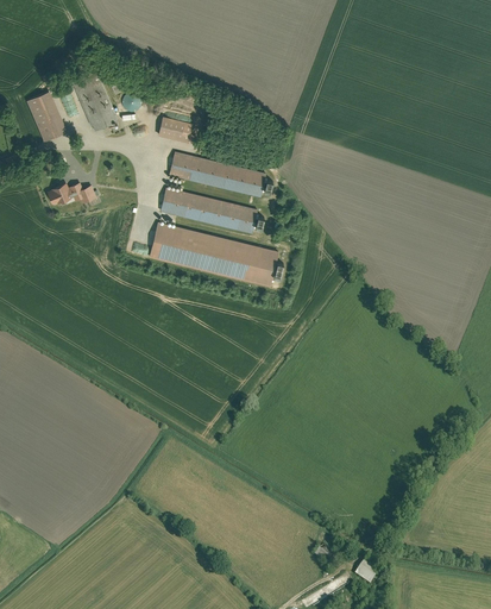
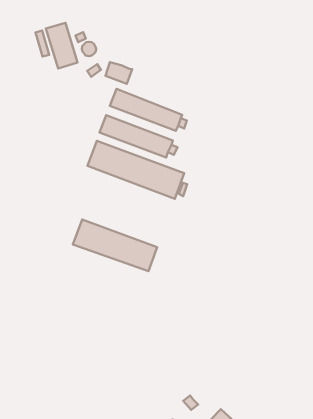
building: [26,90,67,142] -> none
building: [48,183,96,206] -> none
building: none -> [73,220,157,271]

